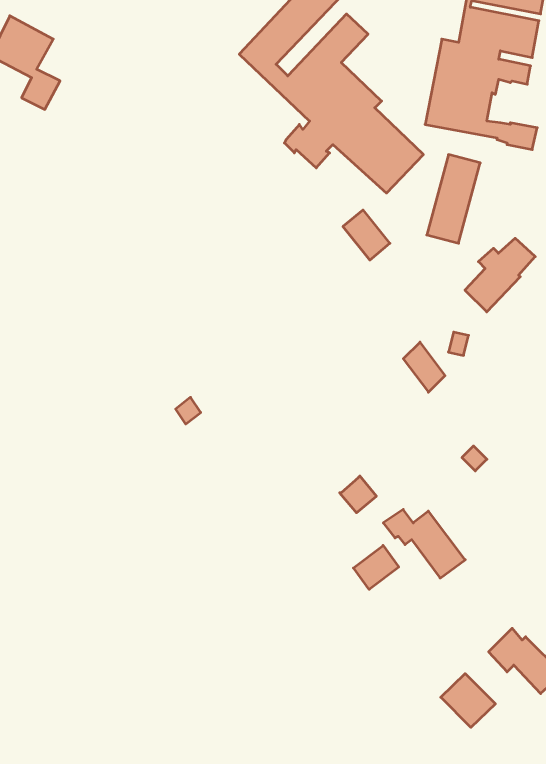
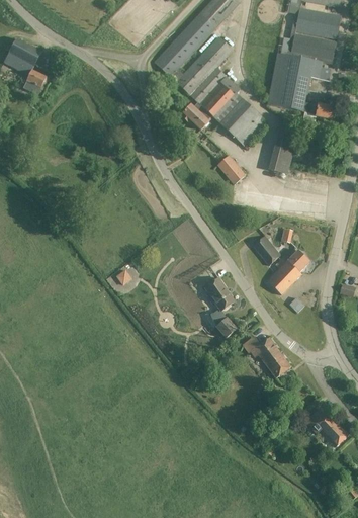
building: [465,238,535,312] -> [269,249,311,293]
building: none -> [204,277,236,311]
building: [353,545,399,589] -> none
building: [441,674,495,727] -> none

